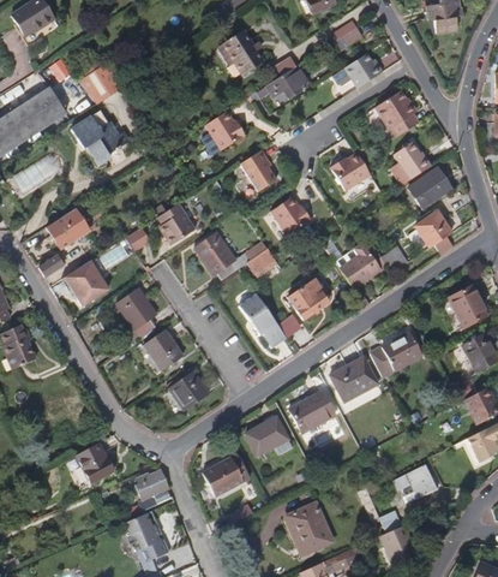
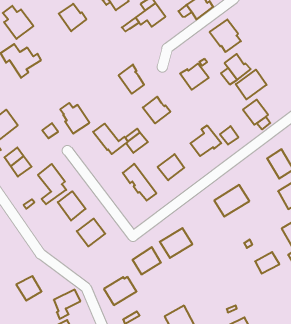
building: [205,109,245,149] -> [59,4,86,31]
building: [330,356,377,400] -> none
building: [397,465,432,495] -> [255,252,279,274]

